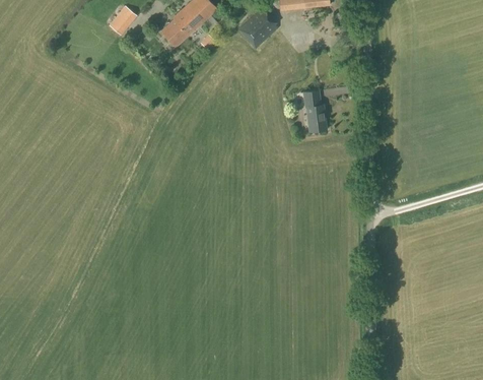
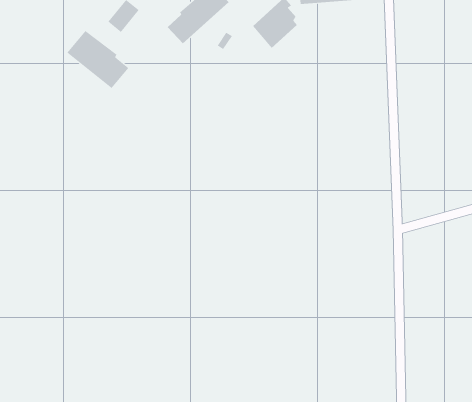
building: none -> [67,30,129,89]
building: [303,91,327,132] -> none

